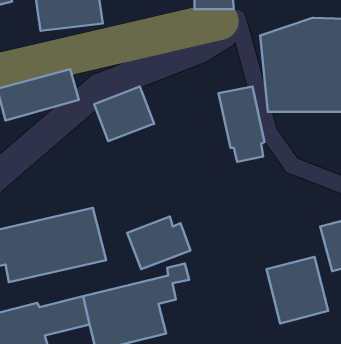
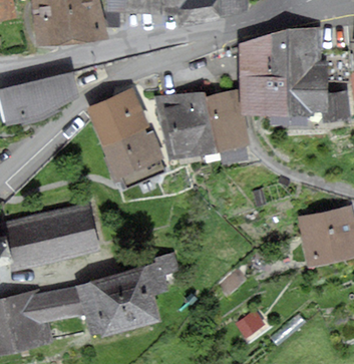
building: none -> [161,91,216,156]
building: [127,217,190,269] -> [103,126,161,174]
building: [266,257,328,323] -> none

